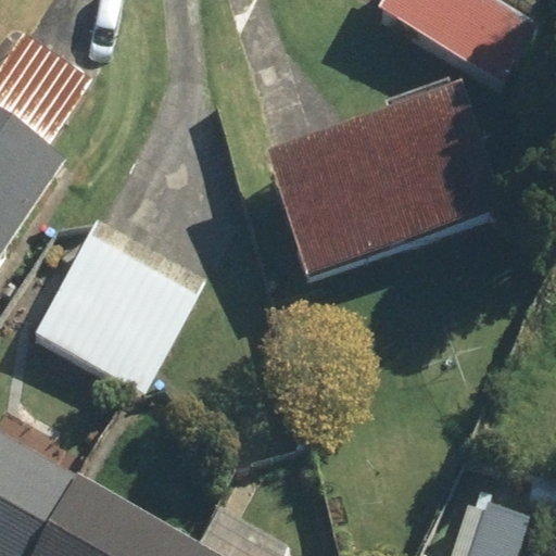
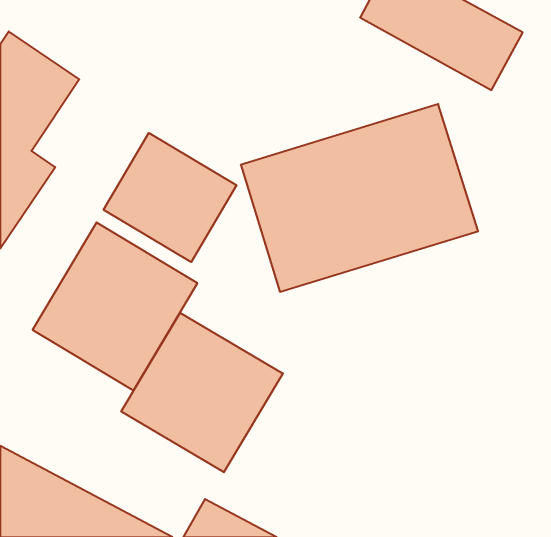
building: none -> [104,133,237,262]
building: none -> [121,313,283,472]

